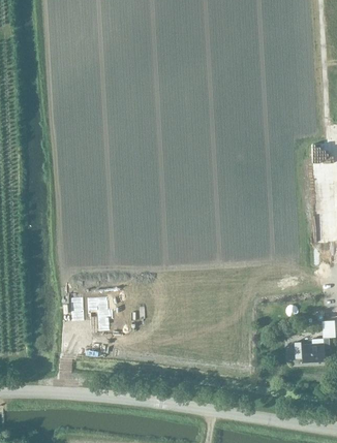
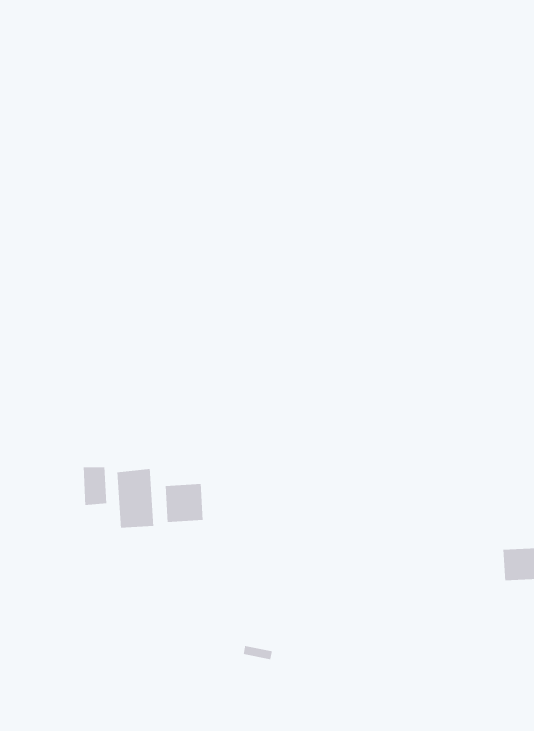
building: none -> [165,483,204,523]

